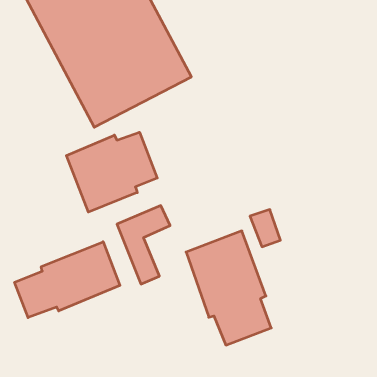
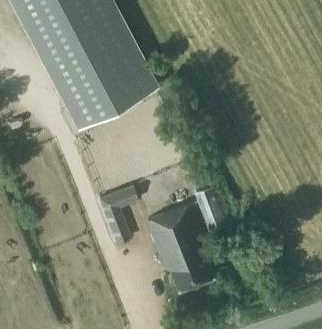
building: [66,132,157,212] -> none
building: [15,242,120,318] -> none

